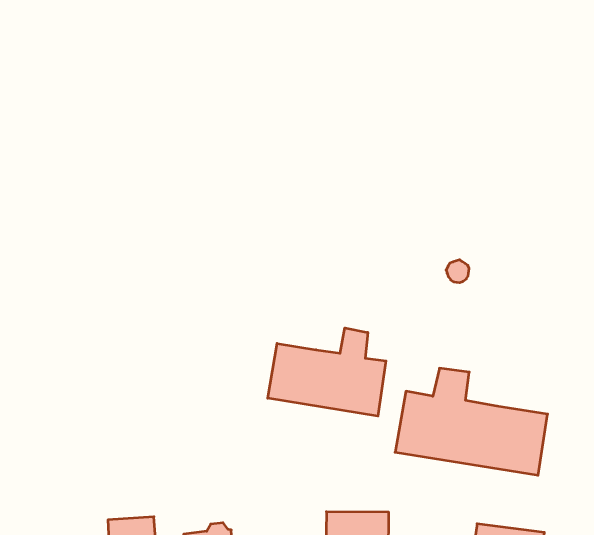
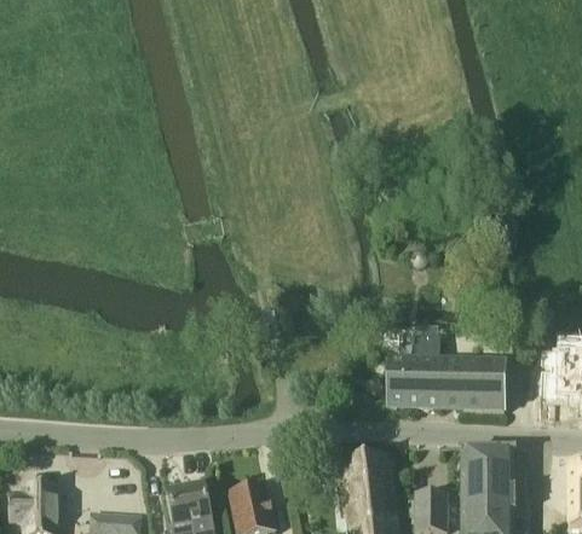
building: [268,328,386,416] -> none

